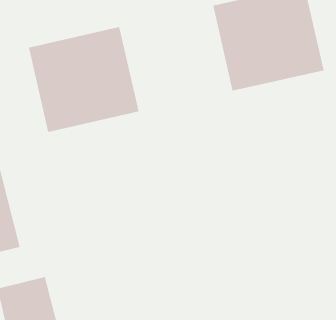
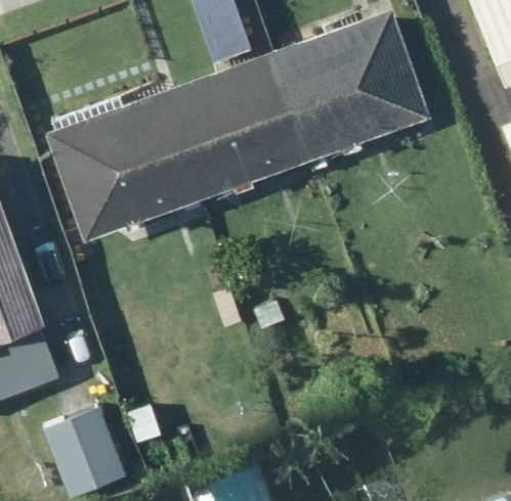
building: none -> [159,52,311,198]

